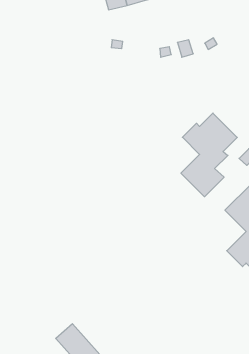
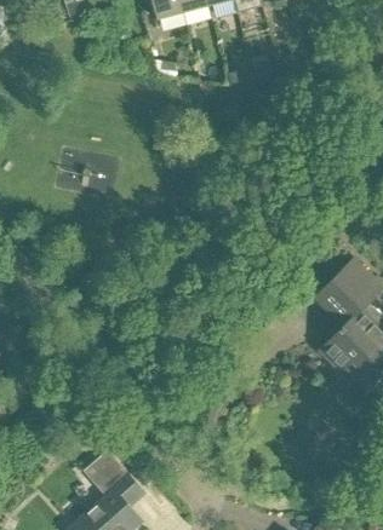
building: [181,113,237,197] -> none

